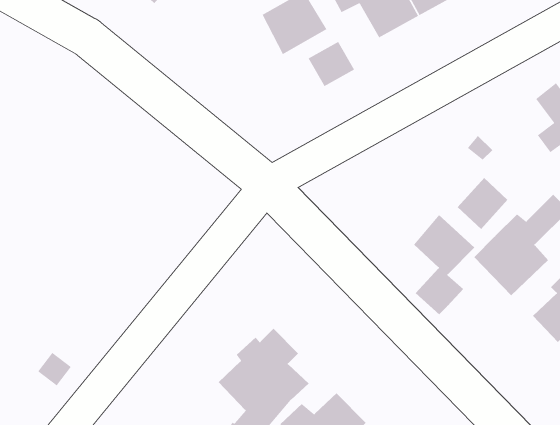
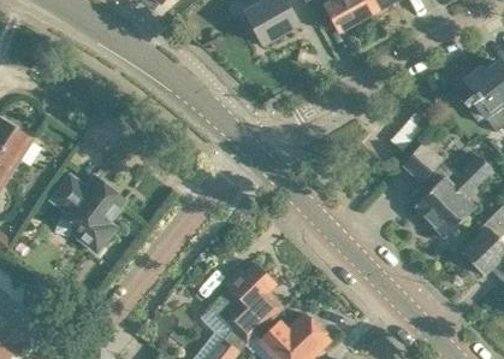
building: [307,41,355,87] -> none
building: [413,214,475,315] -> none
building: none -> [52,176,125,252]

